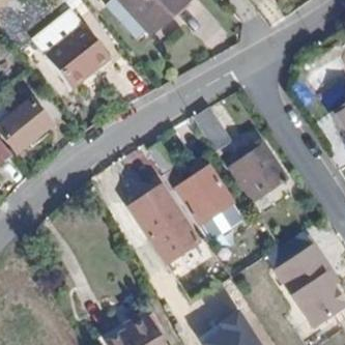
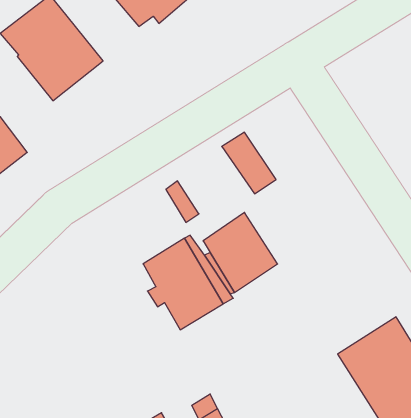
building: [235,147,287,200] -> none

